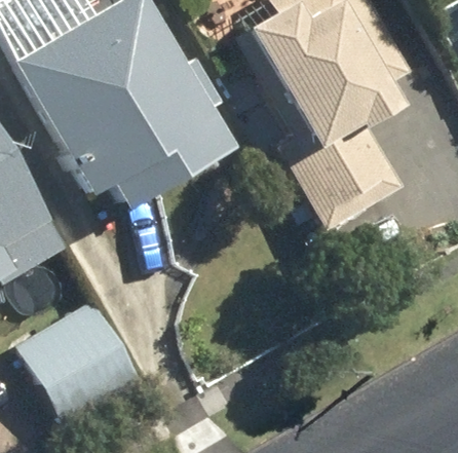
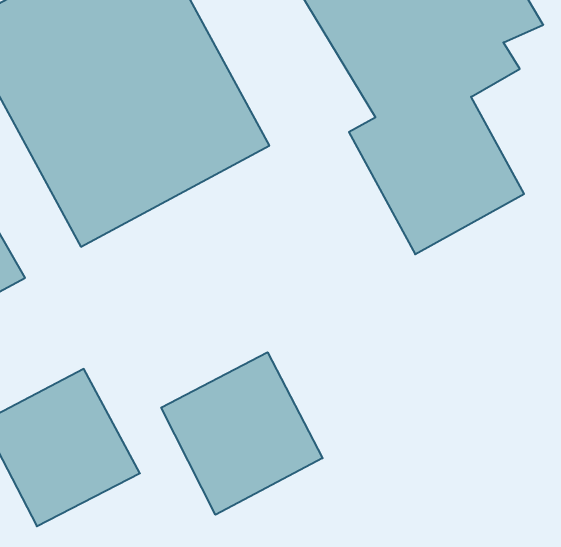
building: none -> [161,352,323,515]

